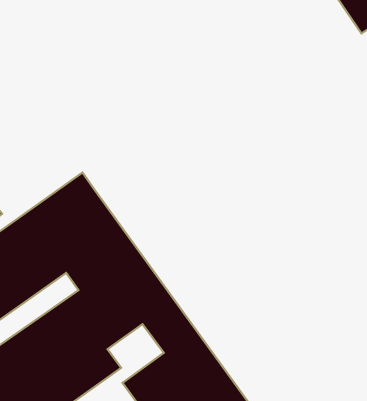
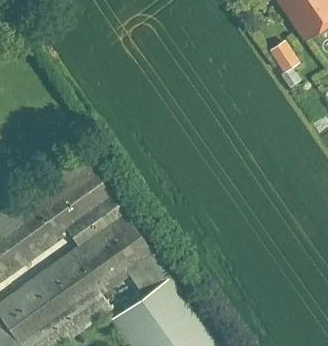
building: none -> [272,37,302,70]

